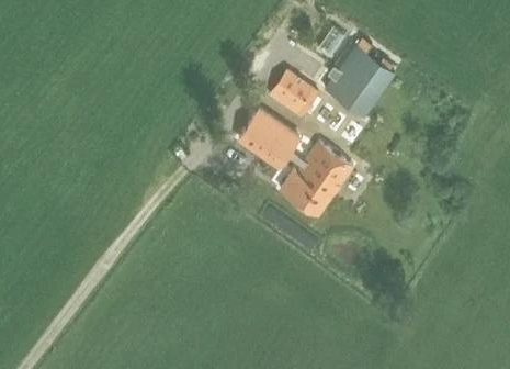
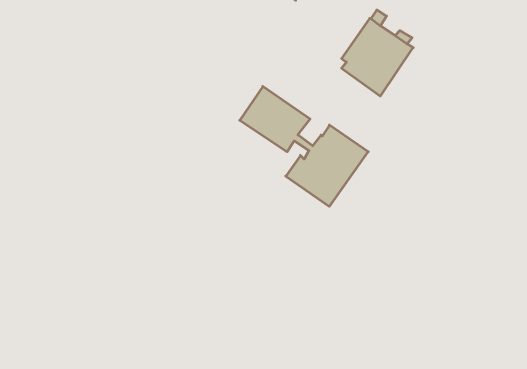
building: [270,69,311,111] -> none

